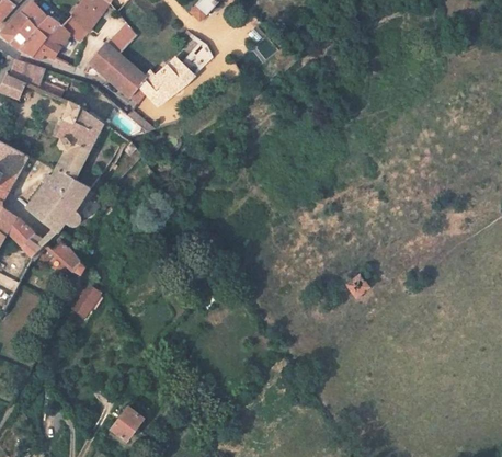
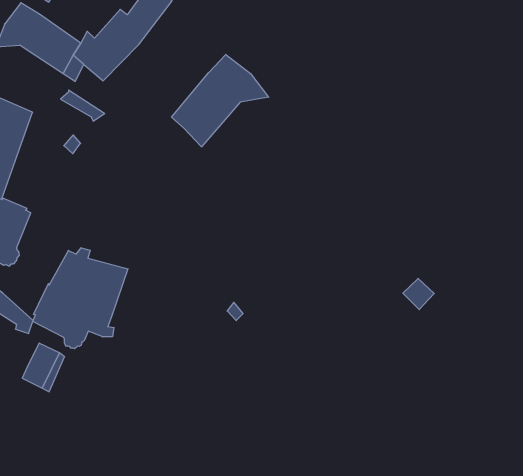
building: none -> [172,54,269,147]
building: none -> [33,248,128,349]

